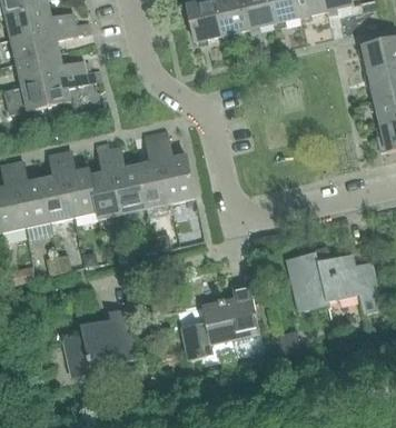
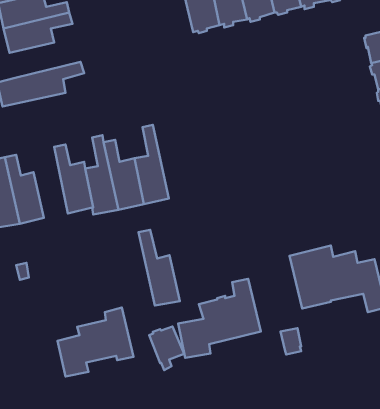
building: [17,52,86,87] -> none
building: [156,130,196,203] -> [139,230,180,306]
building: [40,153,73,222] -> none
building: none -> [149,326,184,370]

